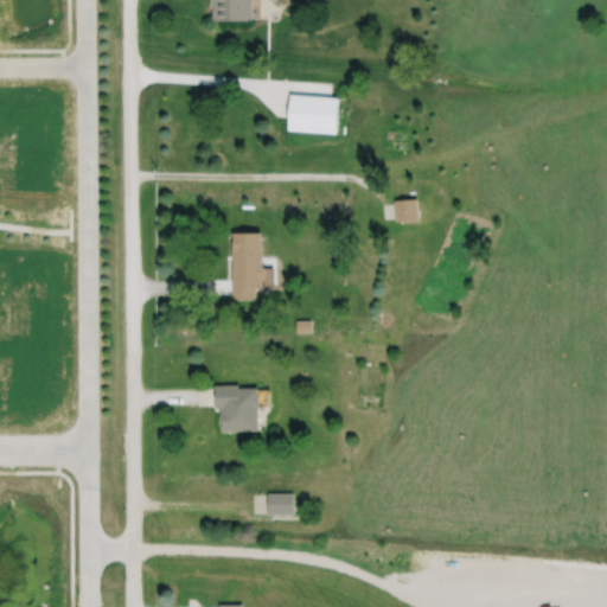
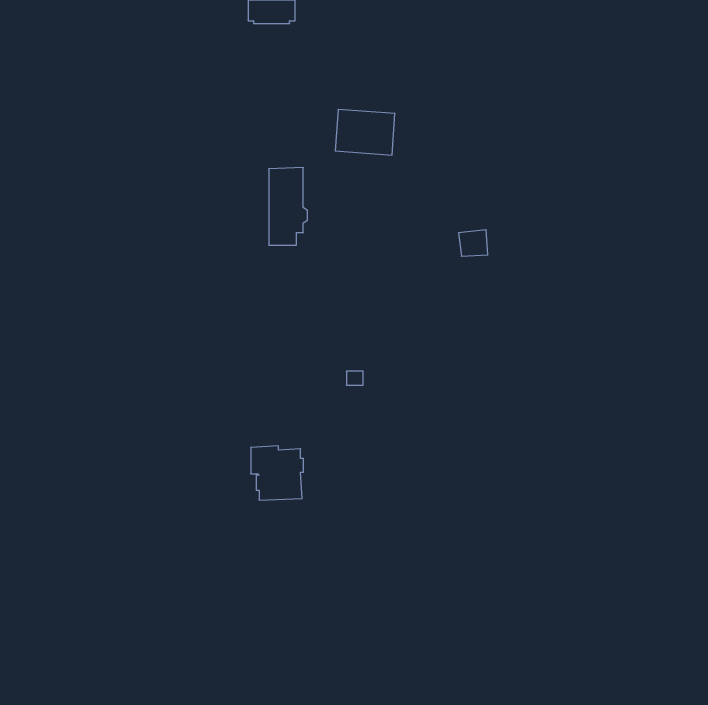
building: [232,230,266,296] -> [269,167,307,245]
building: [267,493,294,515] -> none

